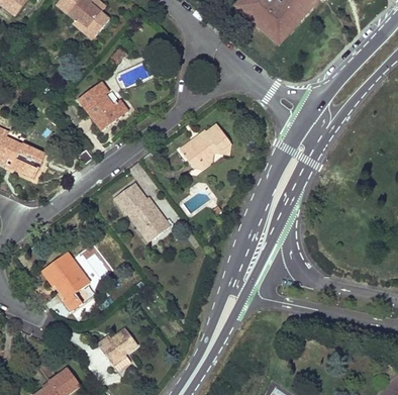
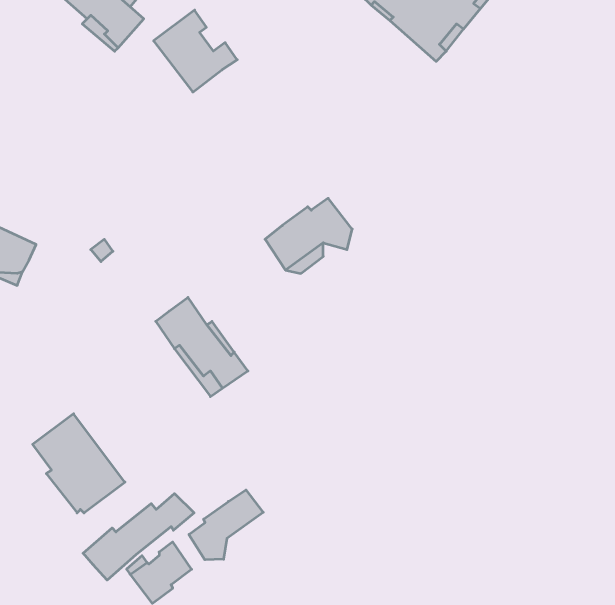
building: [77,81,126,129] -> [154,10,237,92]
building: none -> [189,490,263,560]
building: none -> [83,494,194,580]

